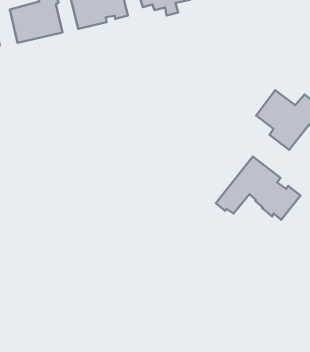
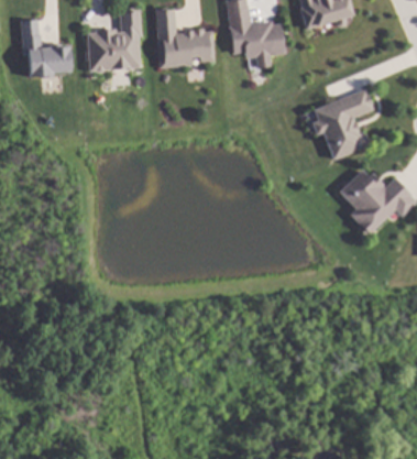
building: none -> [315,88,375,159]
building: [216,156,300,220] -> none

